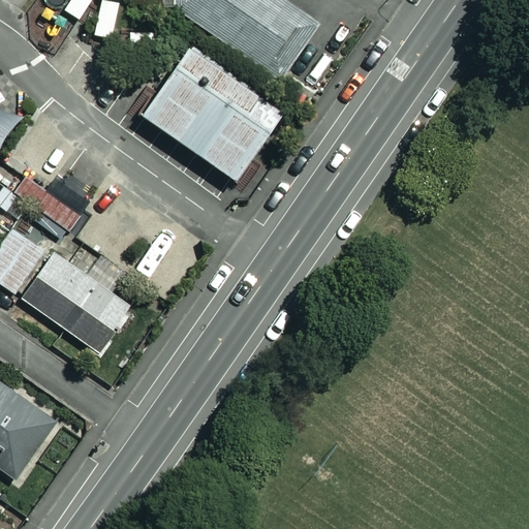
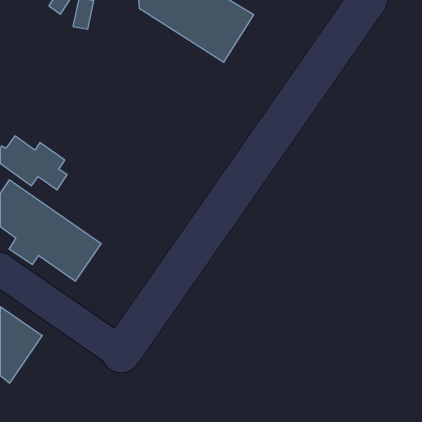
building: [142,51,282,184] -> none

